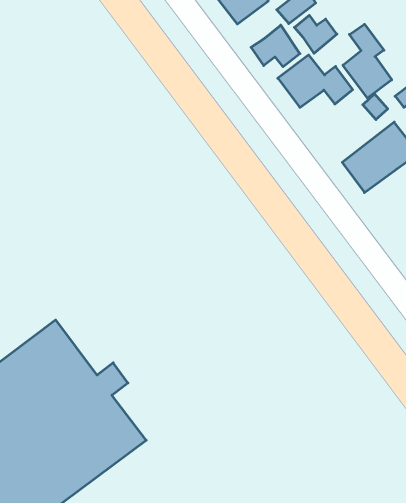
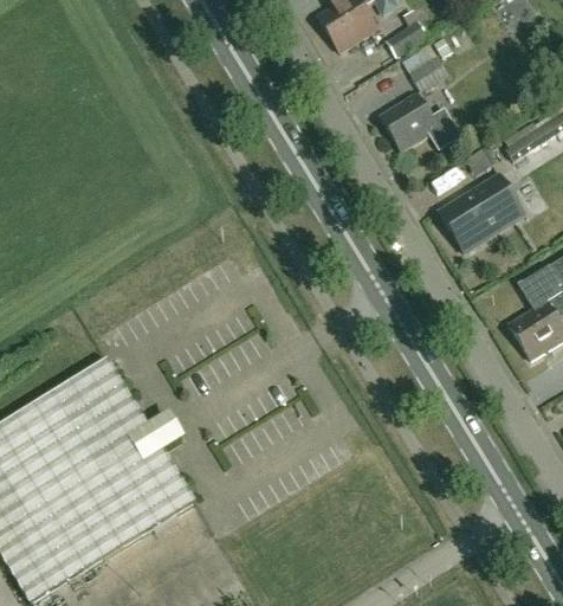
building: [343,24,392,98] -> none
building: [251,25,300,67] -> none

